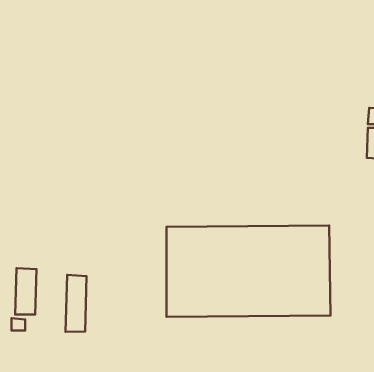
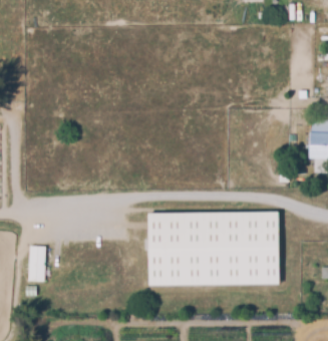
building: [66,275,87,332] -> none

